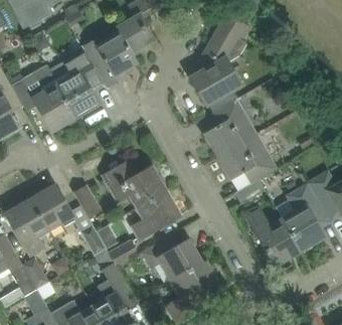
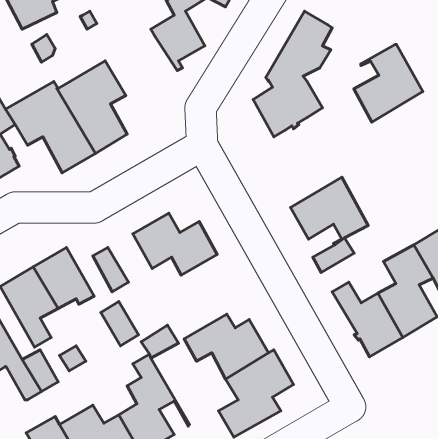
building: [81,30,138,88] -> none
building: [204,99,254,155] -> [354,45,423,122]
building: [133,189,179,236] -> none

